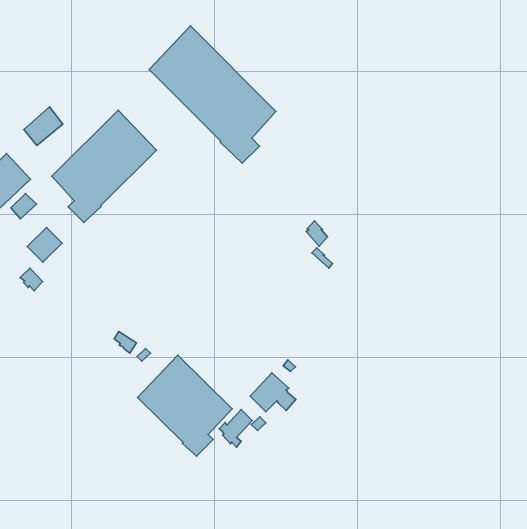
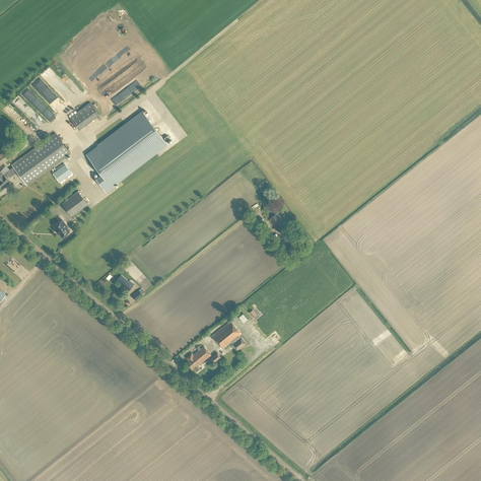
building: [149,26,276,163] -> none
building: [137,355,232,456] -> none

